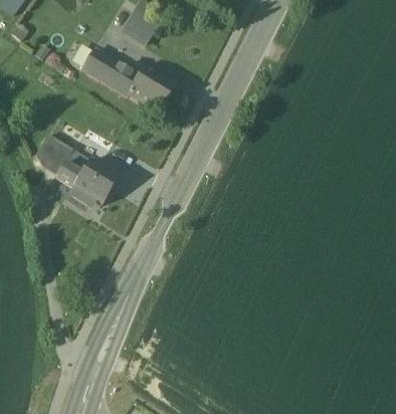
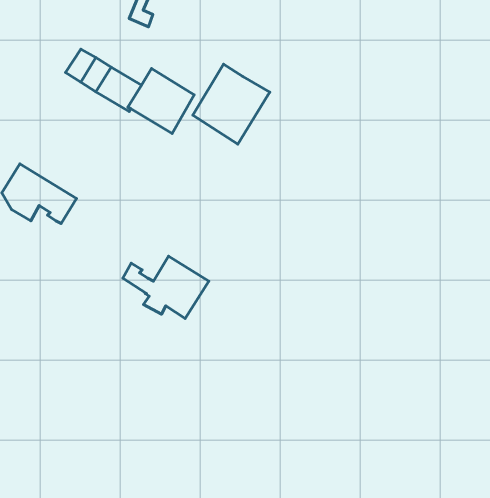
building: none -> [193,64,270,144]
building: [56,159,119,204] -> [123,256,209,318]

